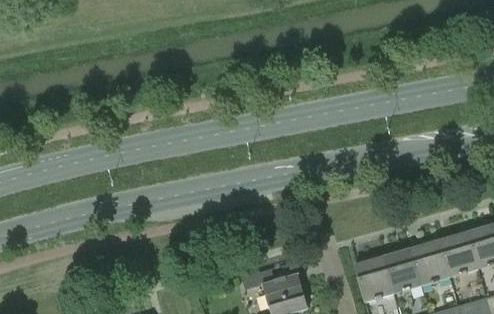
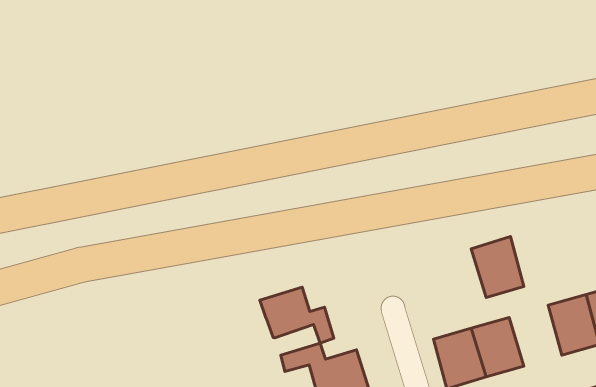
building: none -> [260,287,334,343]
building: [410,240,449,285] -> [471,237,524,297]

